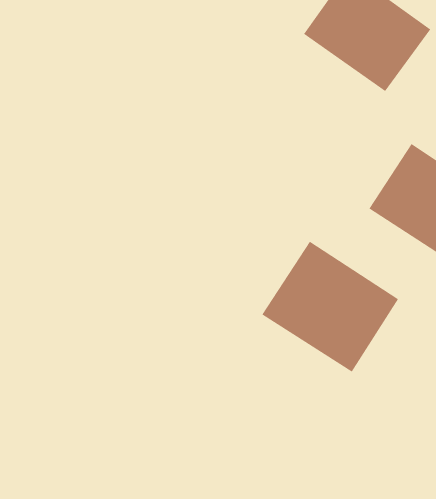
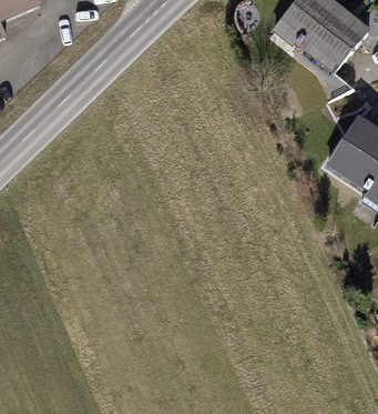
building: [261,241,399,373] -> none

